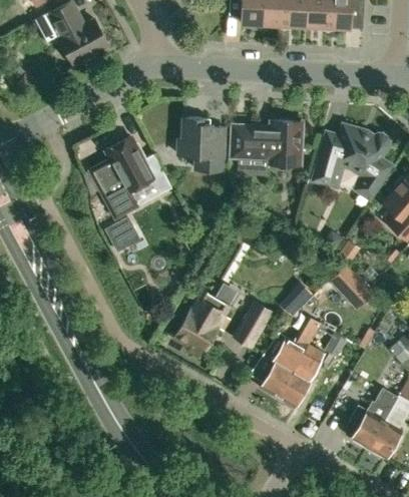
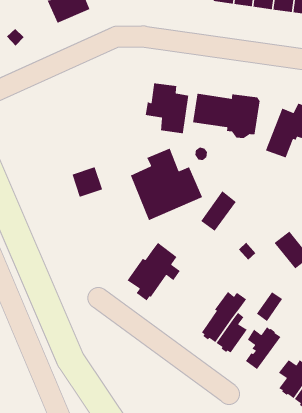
building: [89,136,171,218] -> [130,148,203,221]
building: [234,301,272,347] -> [200,190,237,232]
building: none -> [245,326,281,370]

